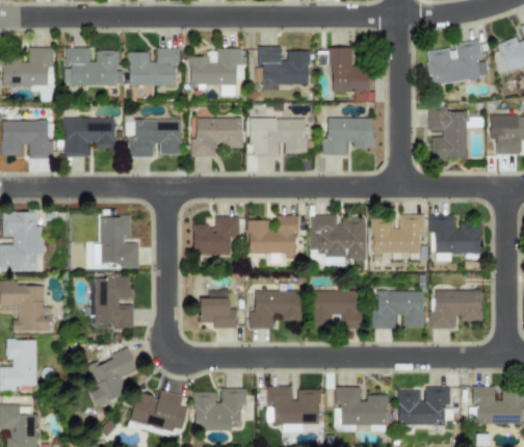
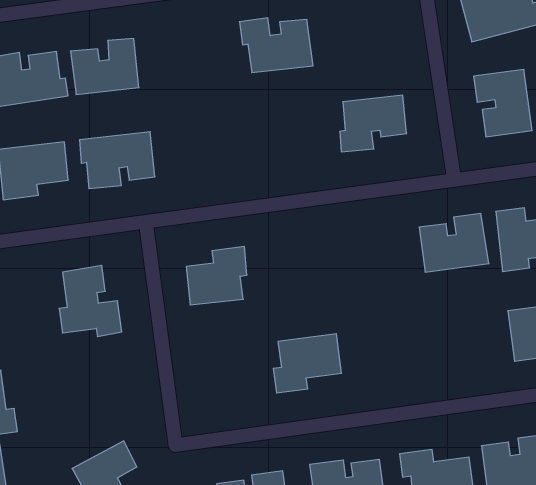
building: [331,48,369,102] -> none
building: [190,50,243,86] -> none
building: [191,119,243,157] -> none
building: [250,119,307,158] -> none
building: [248,215,297,255] -> none
building: [311,216,367,257] -> none
building: [89,278,133,327] -> none
building: [200,290,236,328] -> none
building: [312,291,362,326] -> none
building: [373,291,424,330] -> none

